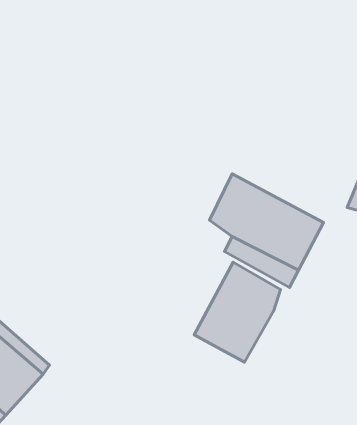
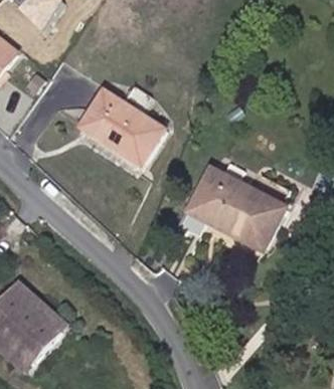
building: none -> [76,85,163,167]
building: [194,262,281,362] -> none

